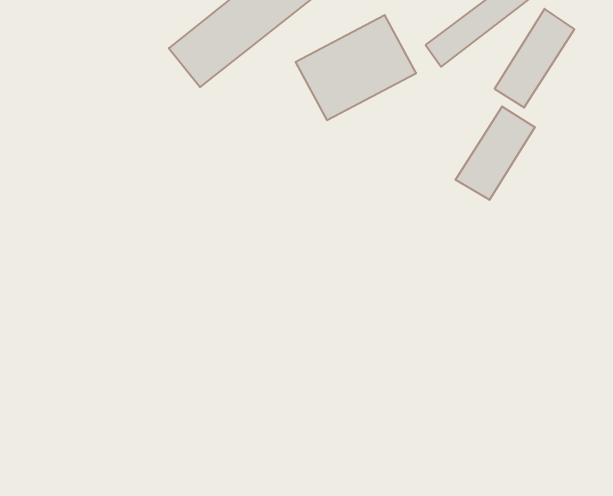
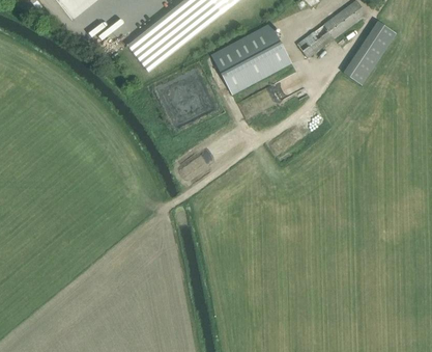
building: [455,106,535,200] -> none

